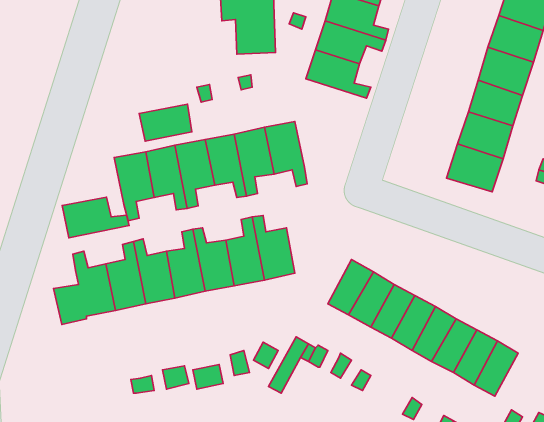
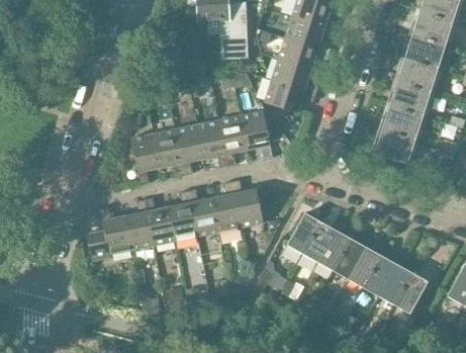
building: none -> [264,79,315,111]
building: [139,104,192,141] -> none
building: [62,197,129,238] -> none

